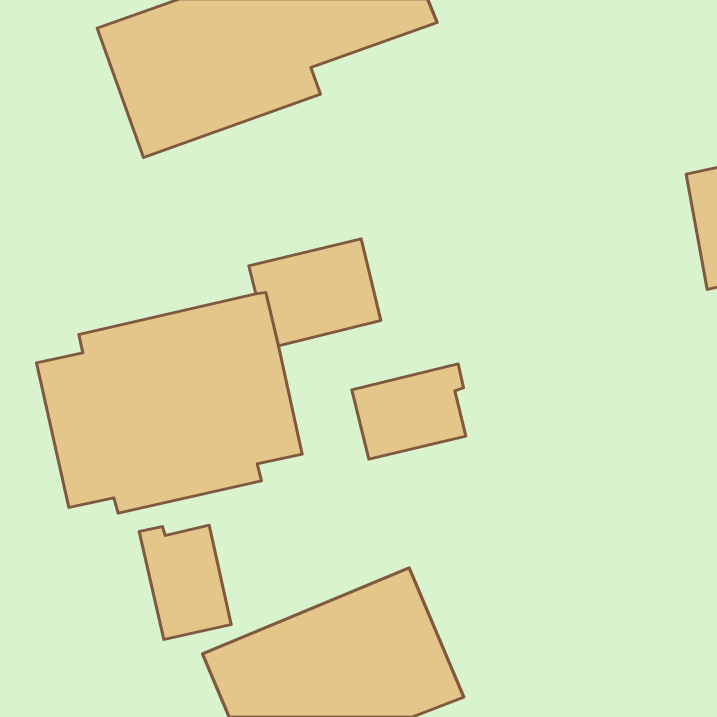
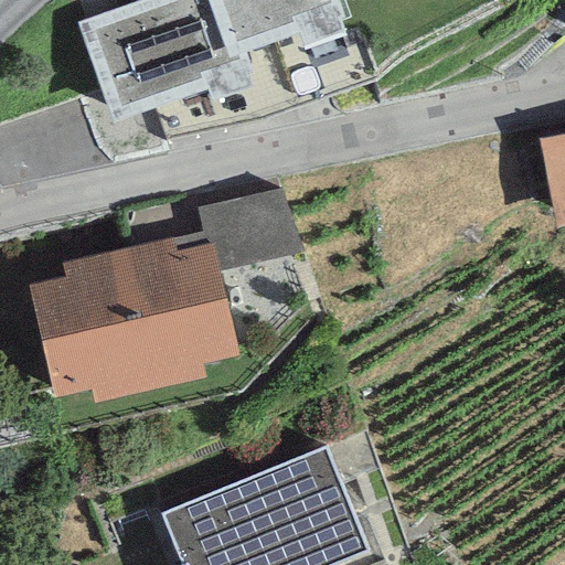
building: [352,364,466,459] -> none
building: [139,525,231,640] -> none

